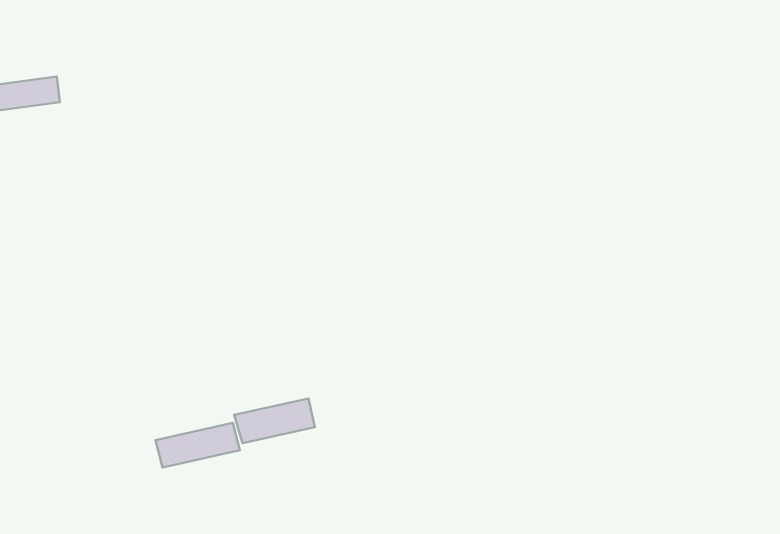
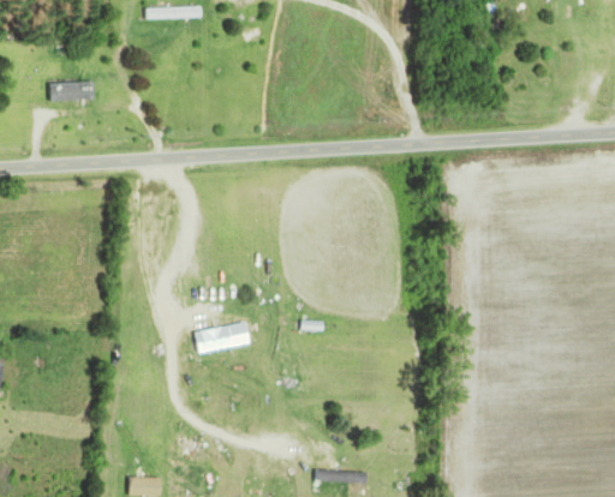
building: [155,423,240,467] -> none

